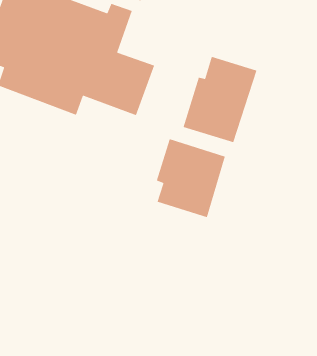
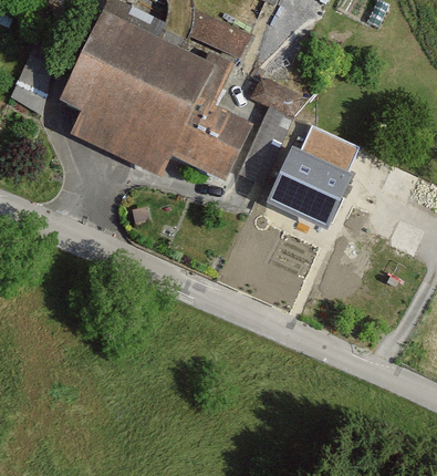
building: [156,138,226,218] -> none

